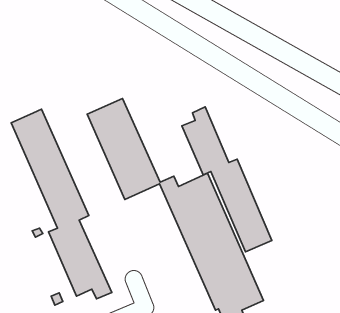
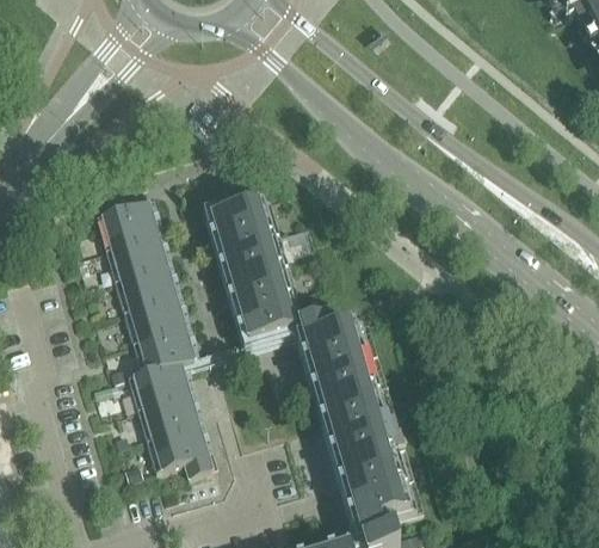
building: [182,107,272,252] -> none

